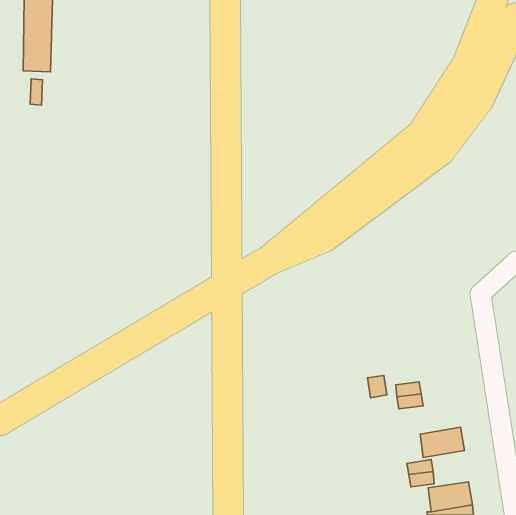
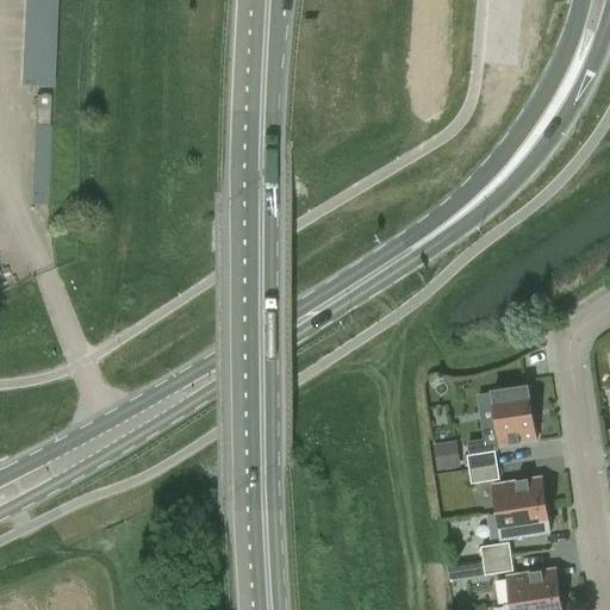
building: none -> [490,386,534,446]
building: none -> [491,477,543,512]

